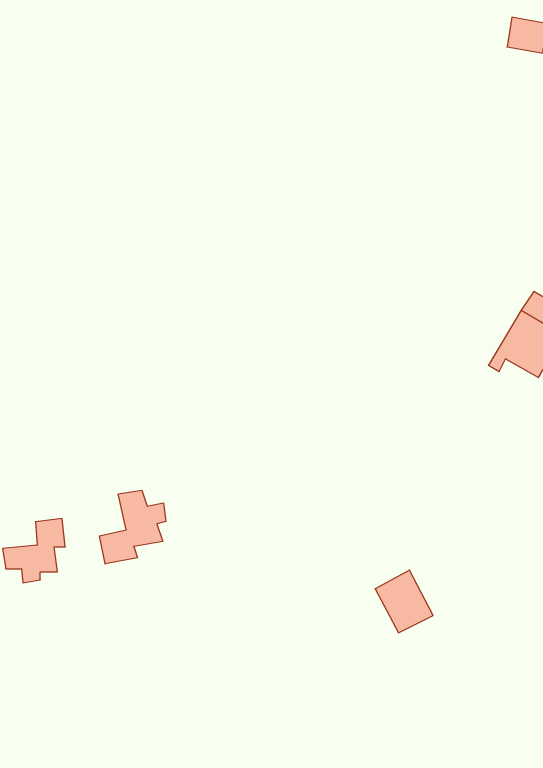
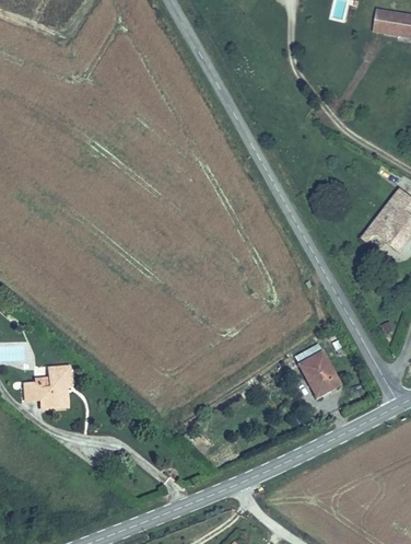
building: [100,490,166,564] -> none
building: [375,570,433,633] -> [302,350,342,394]

